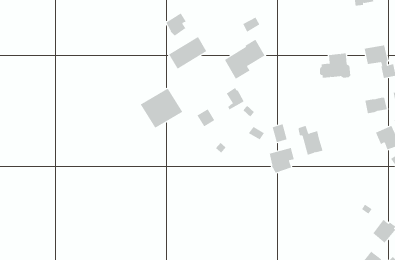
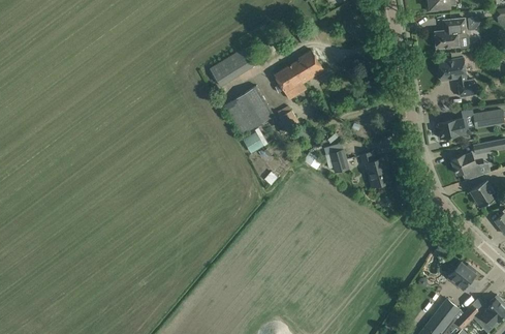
building: [165,13,186,37] -> none
building: [319,53,351,78] -> [433,18,470,48]
building: [140,88,183,128] -> [224,86,275,133]
building: [269,147,294,173] -> none

